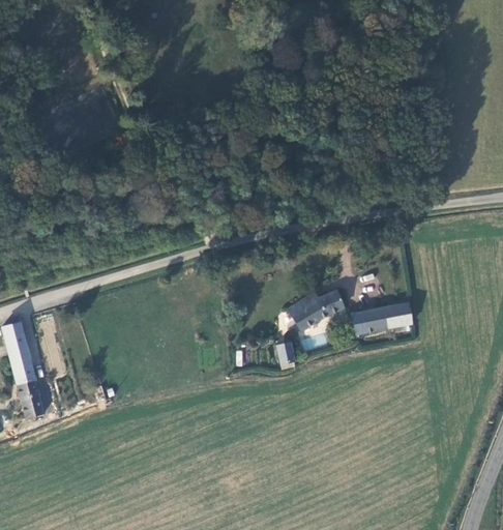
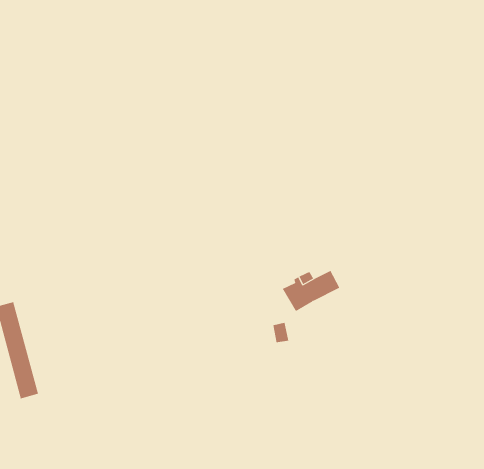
building: [353,304,411,334] -> none

